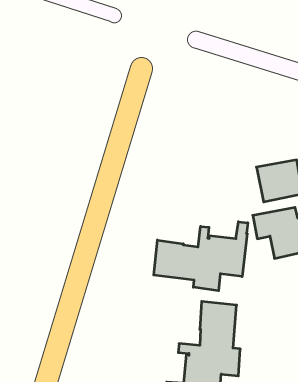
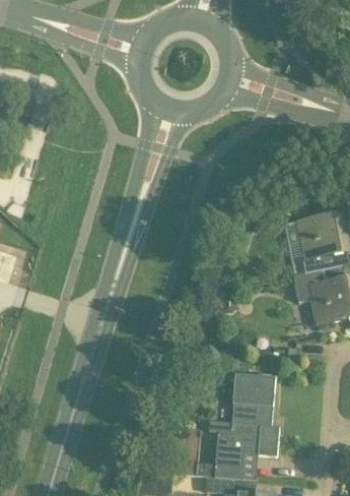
building: [154,222,248,291] -> none

